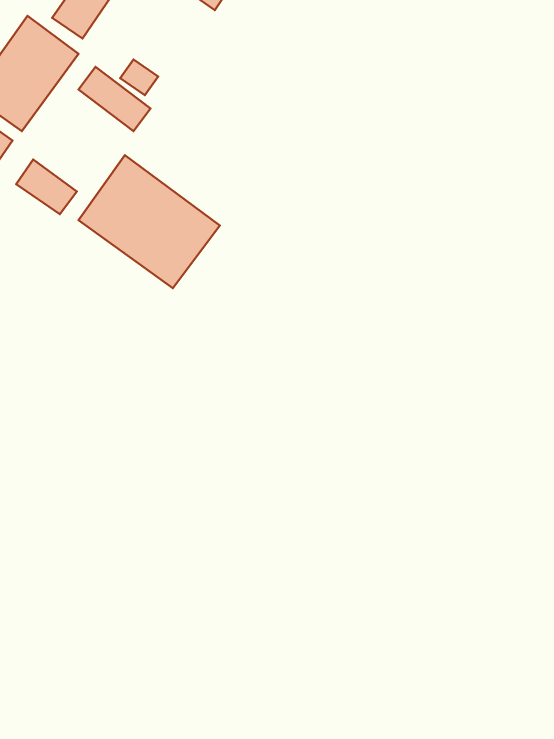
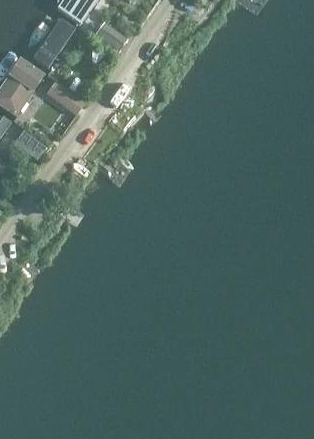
building: [78,155,220,288] -> none

